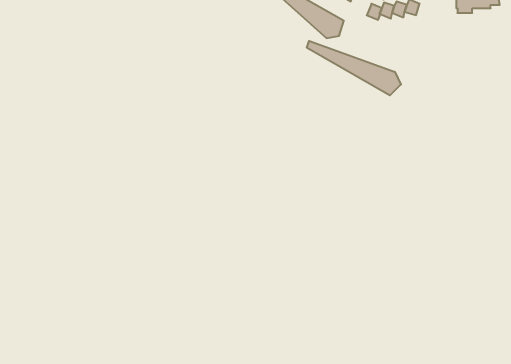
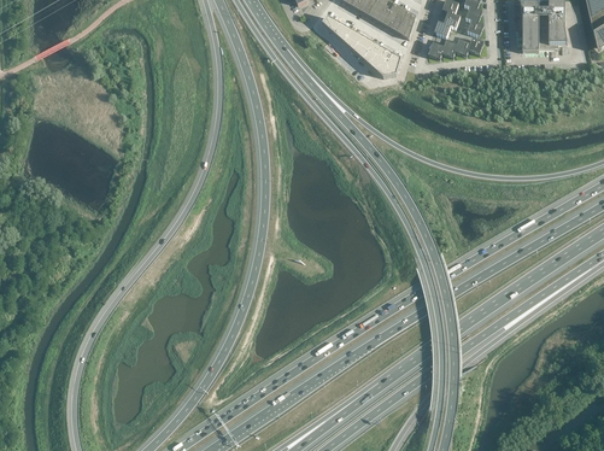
building: [307,41,401,95] -> none

